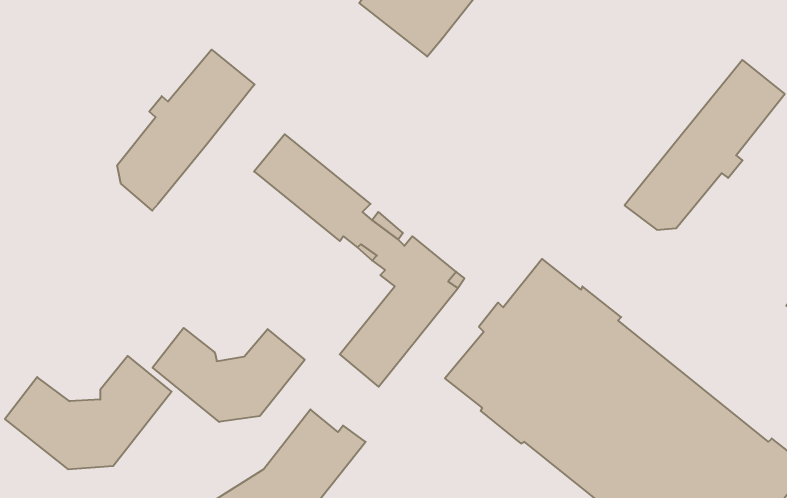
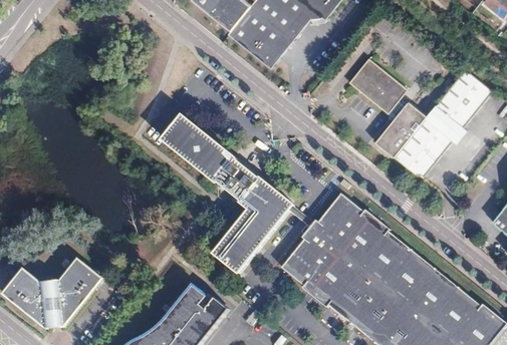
building: none -> [348,55,428,154]
building: [117,50,255,211] -> none
building: [153,328,305,422] -> none

